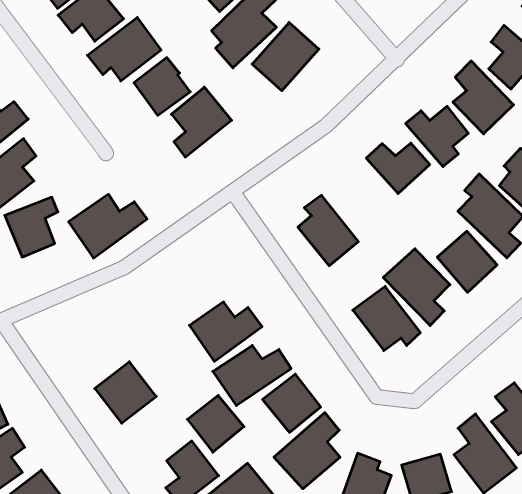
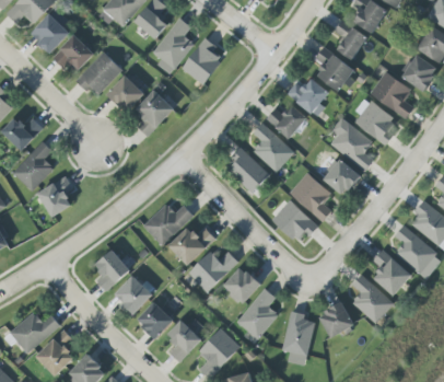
building: none -> [252,123,293,173]
building: [69,194,147,258] -> [142,204,192,246]
building: none -> [94,250,129,291]
building: [187,395,244,452] -> [136,302,173,339]

